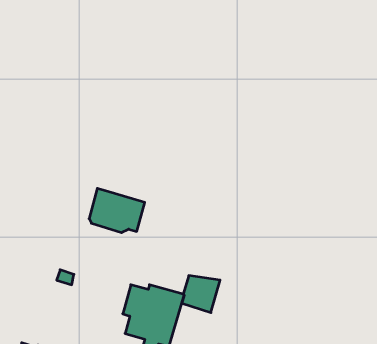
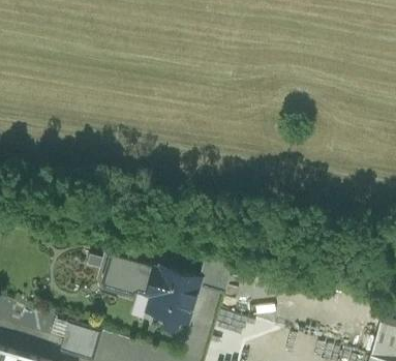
building: [89,188,145,233] -> [103,259,153,298]

